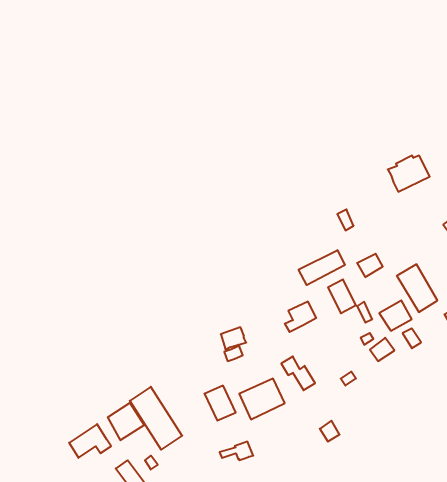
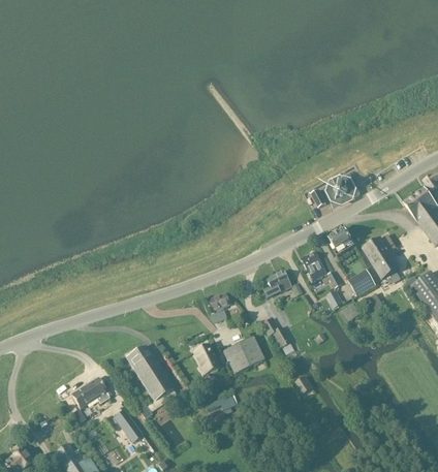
building: [388,156,430,192] -> [322,175,359,207]
building: [299,250,345,285] -> none
building: [108,403,144,440] -> none

